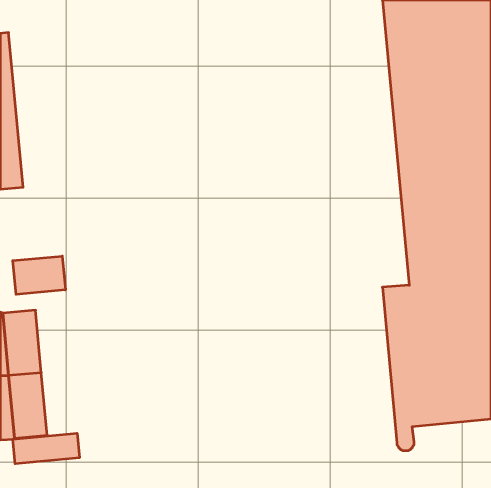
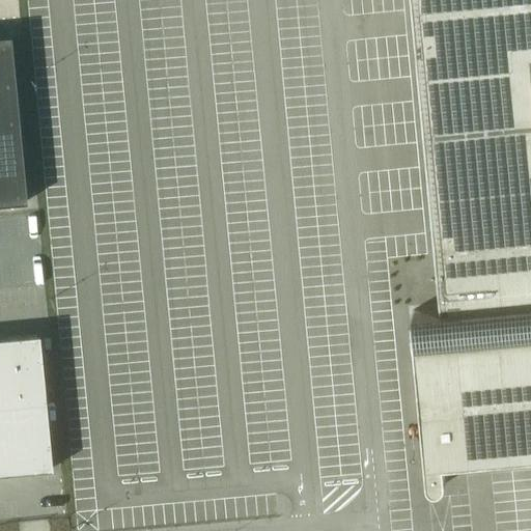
building: [13,256,65,294] -> none
building: [13,433,79,464] -> none

